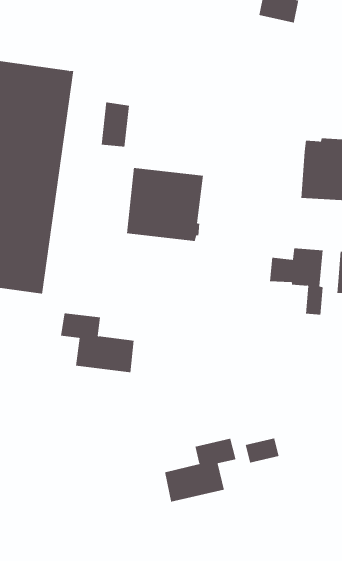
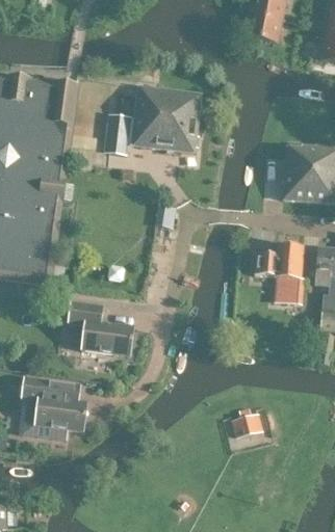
building: [126,168,204,242] -> [130,86,200,153]
building: none -> [19,377,85,431]
building: [164,438,236,502] -> none

